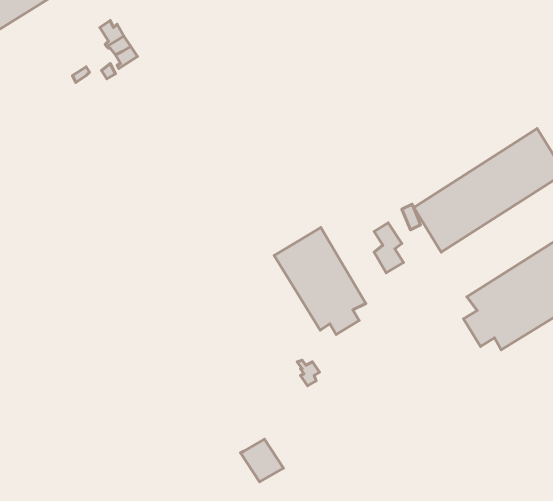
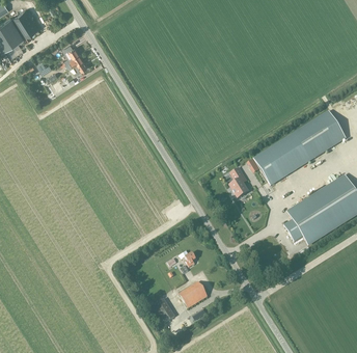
building: [274,228,366,334] -> none
building: none -> [179,281,208,307]

